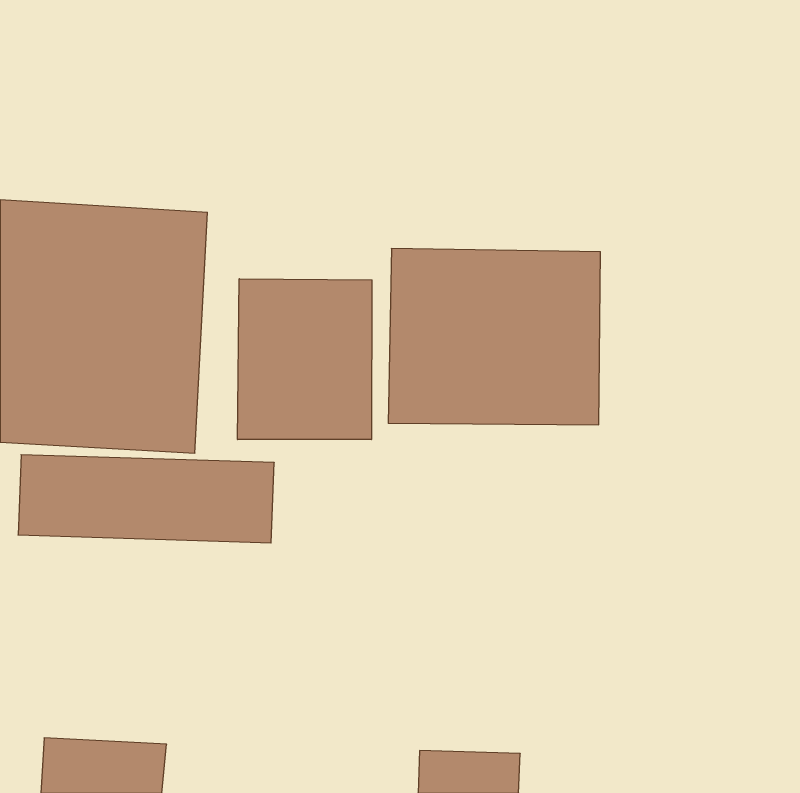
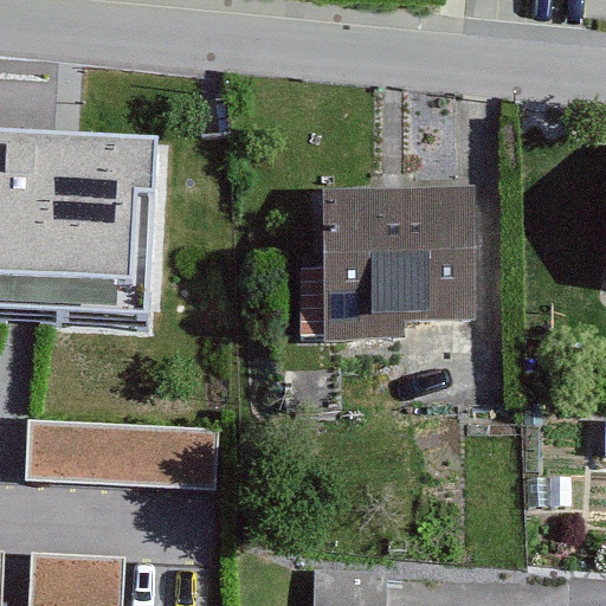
building: [238,279,372,440] -> none
building: [18,455,274,543] -> [27,420,220,486]

